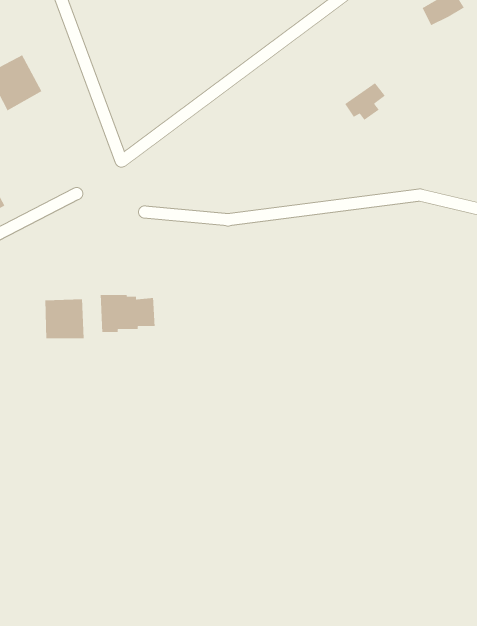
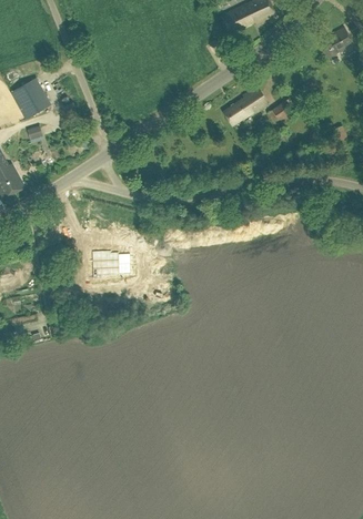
building: none -> [222,86,269,125]
building: [45,298,85,339] -> none

